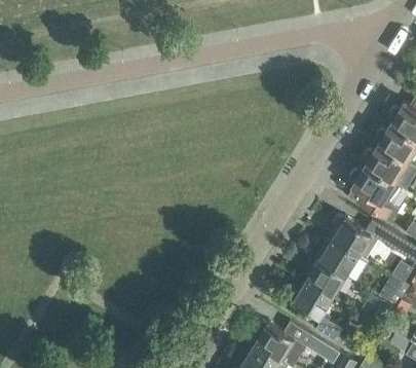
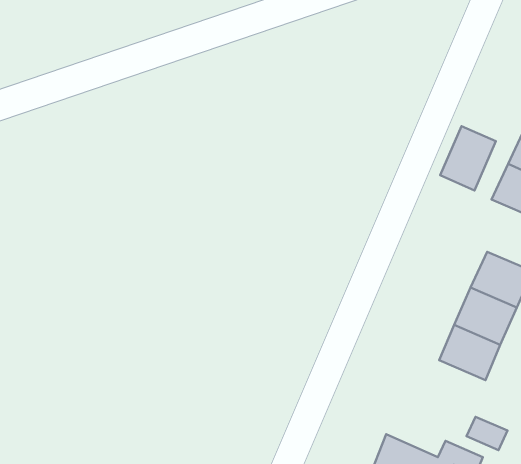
building: none -> [440,126,496,191]
building: [290,281,333,319] -> none

